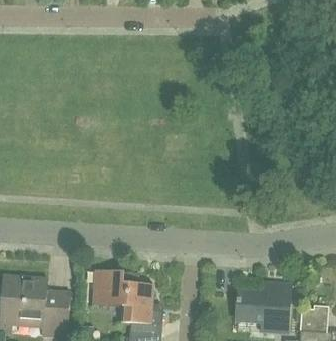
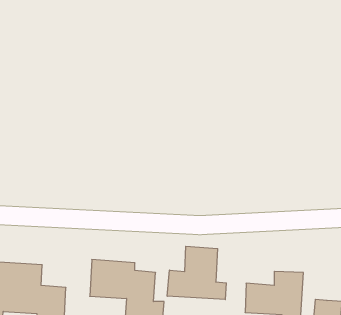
building: none -> [167,246,226,300]

